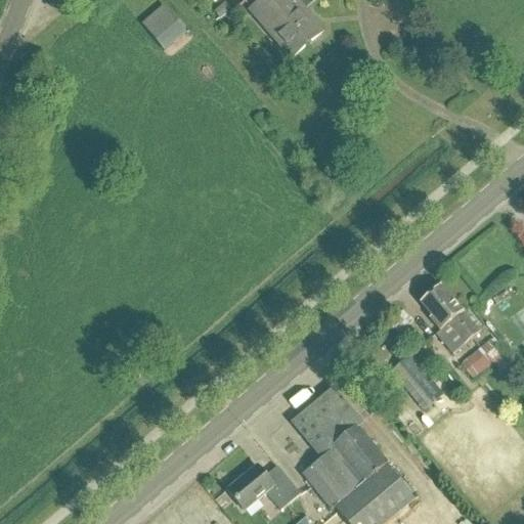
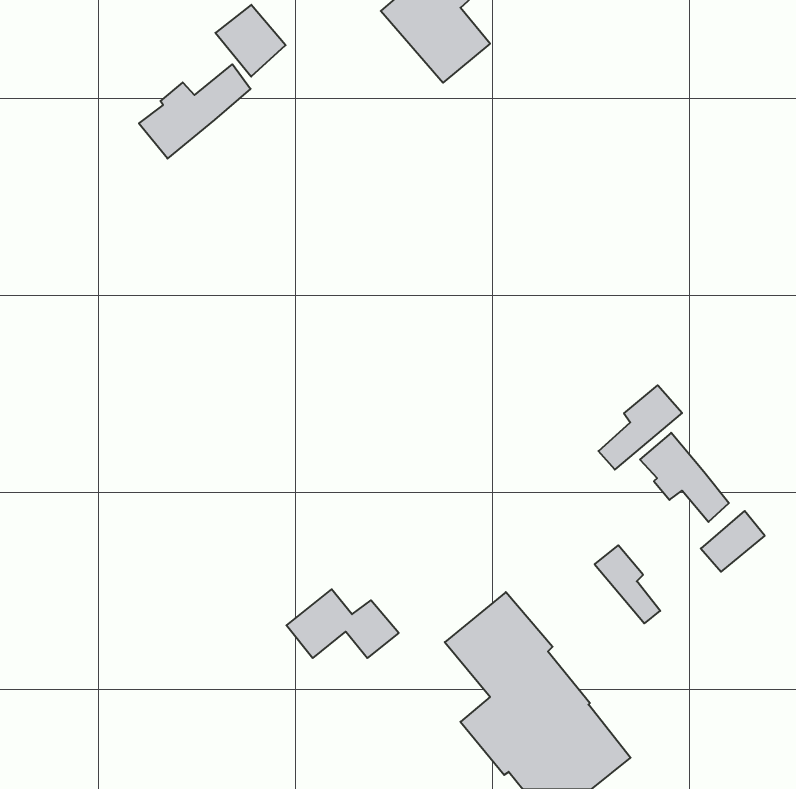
building: none -> [139,64,251,159]
building: none -> [598,385,682,470]
building: [226,464,300,509] -> [286,589,399,658]

